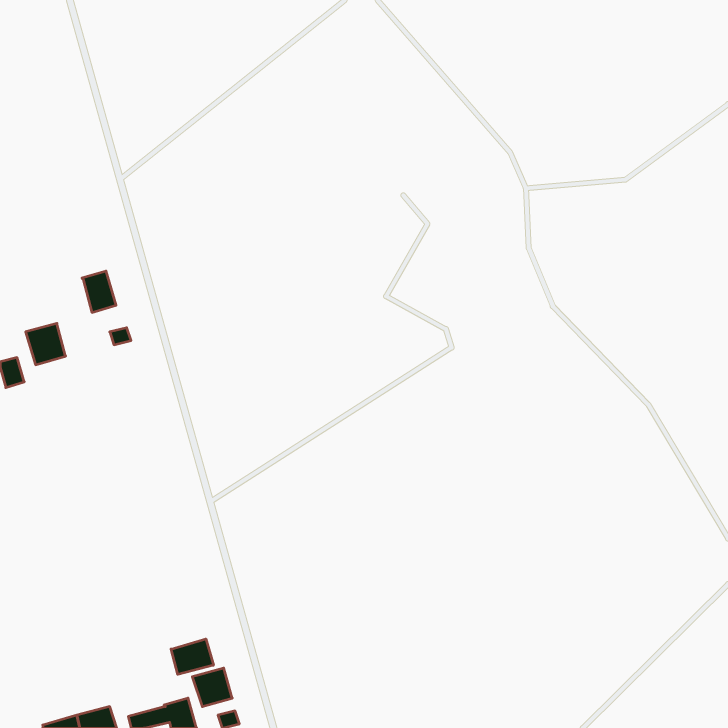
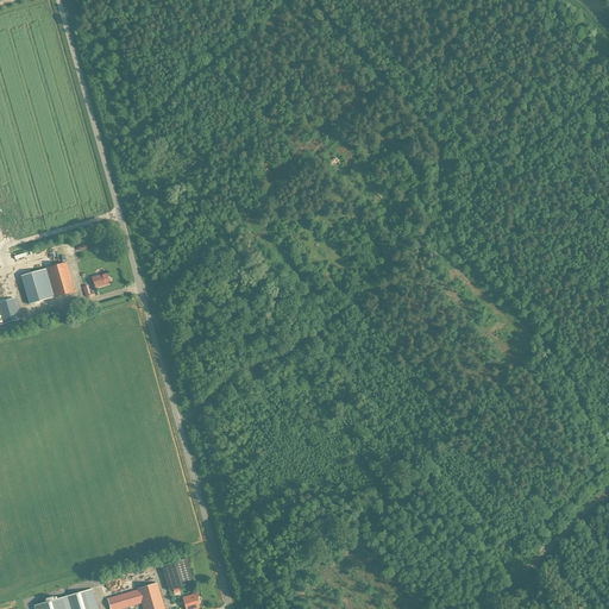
building: [82,271,116,312] -> [46,263,75,297]
building: [171,639,213,674] -> none

